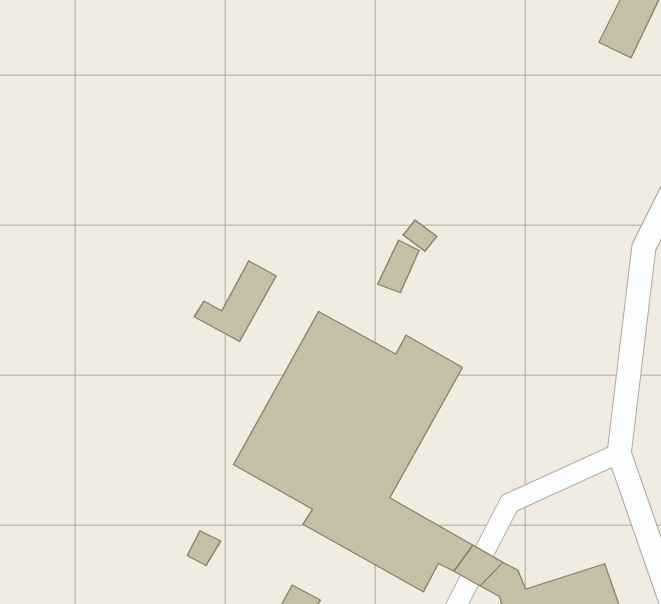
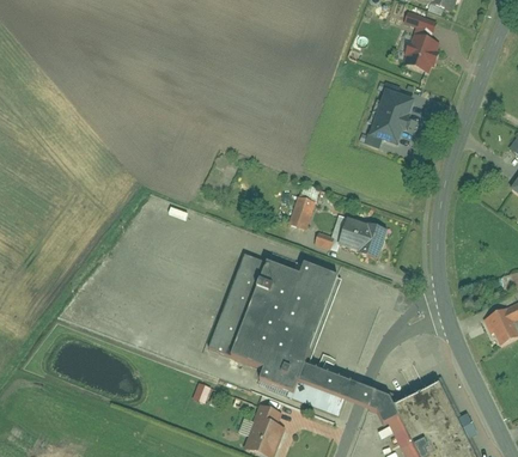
building: none -> [372,95,413,146]
building: [194,261,276,342] -> none
building: none -> [333,215,386,261]

